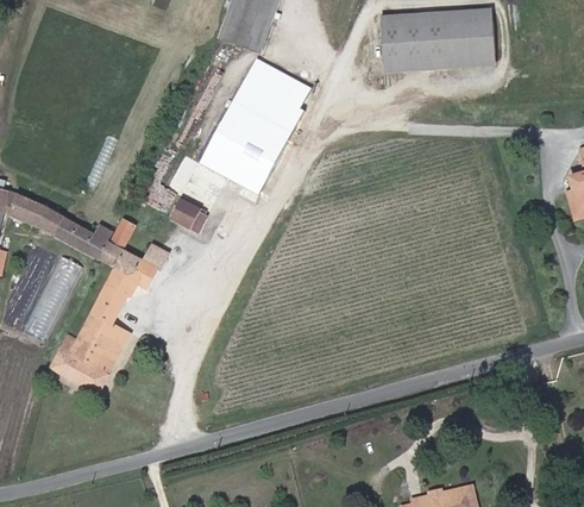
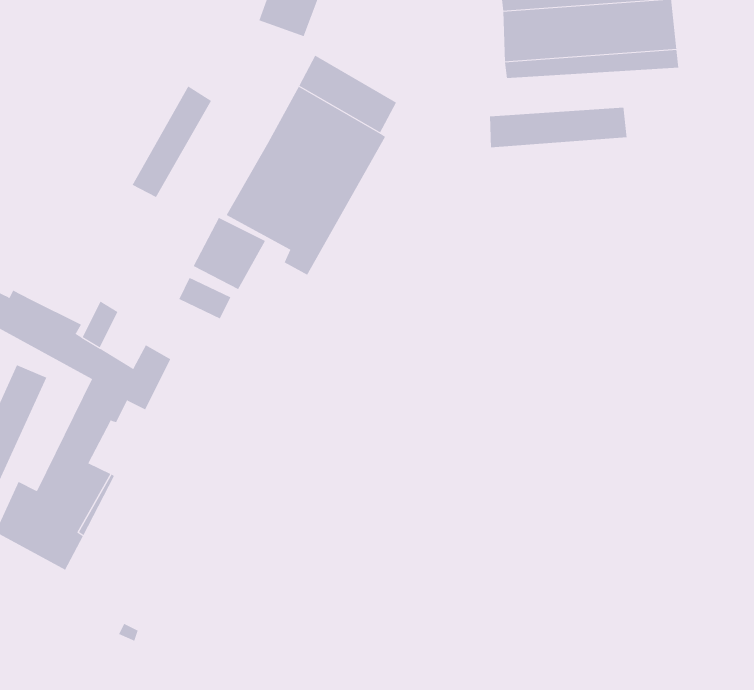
building: none -> [132,86,212,198]
building: none -> [490,107,627,148]

